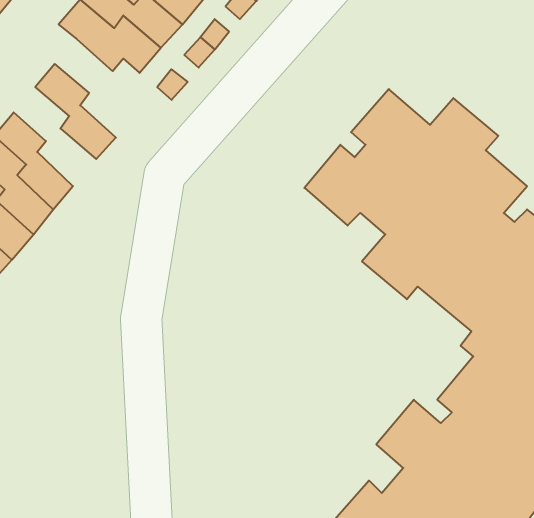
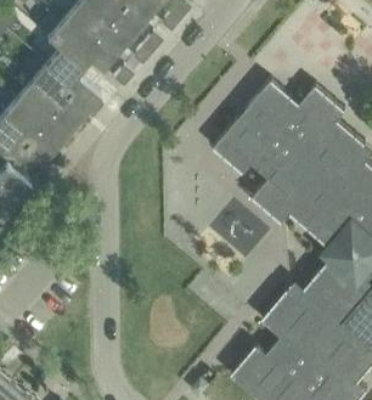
building: none -> [45,47,101,114]
building: none -> [17,80,73,147]

